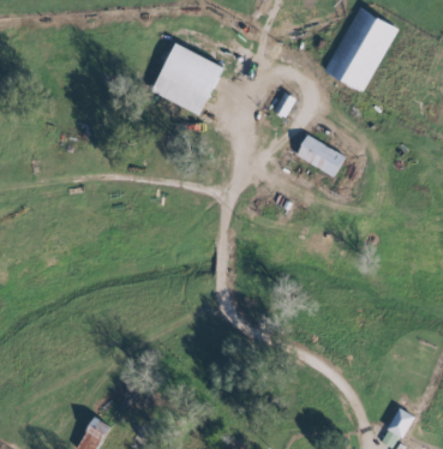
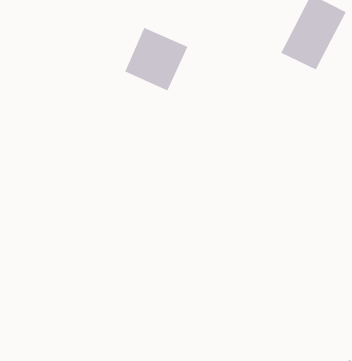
building: [295,136,346,176] -> none

